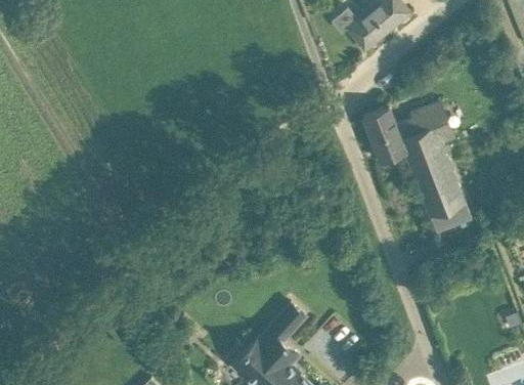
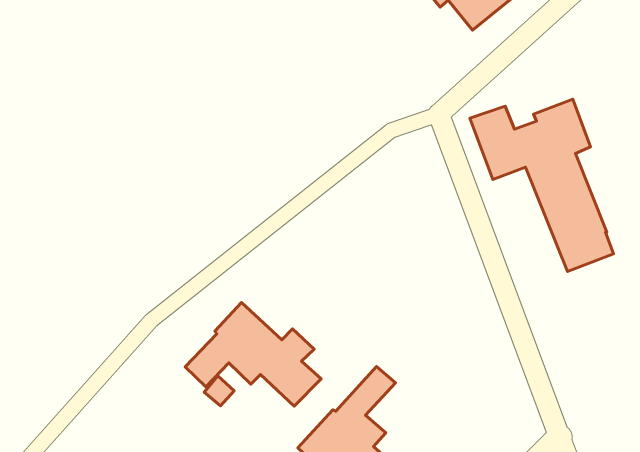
building: none -> [185,302,321,406]

